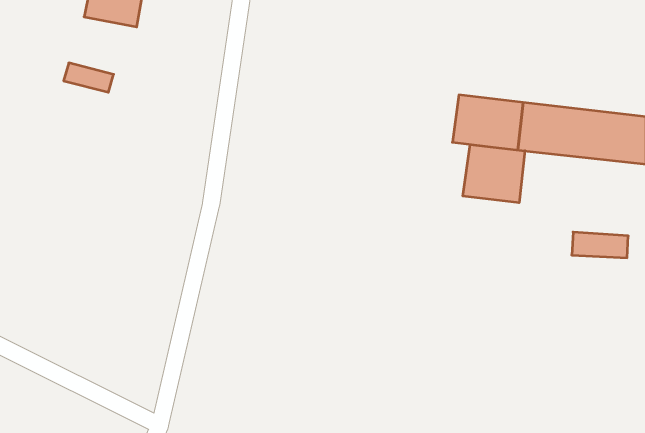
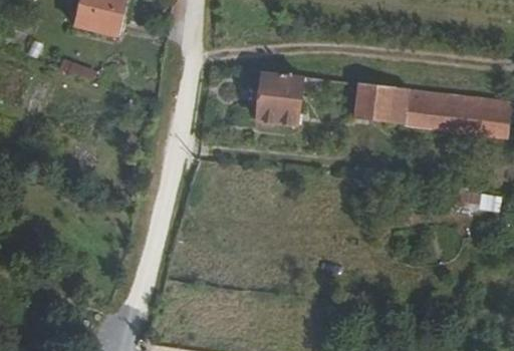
building: none -> [258,71,302,124]
building: [463,145,525,203] -> none

